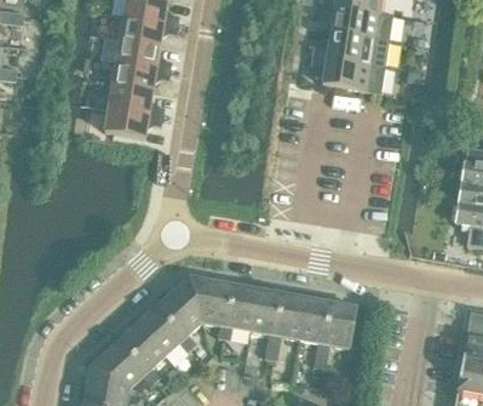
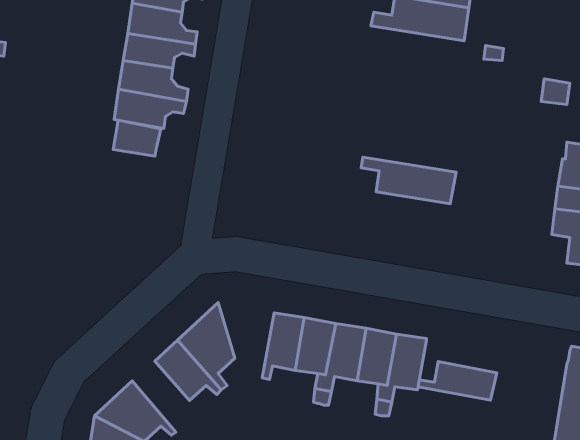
building: [309,55,385,92] -> [361,157,456,204]
building: none -> [113,120,161,156]
building: [188,276,232,337] -> none
building: [119,324,165,381] -> none
building: none -> [418,361,497,400]

